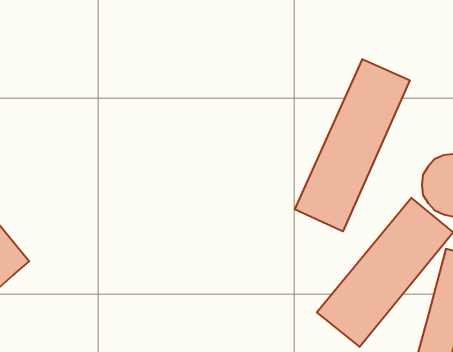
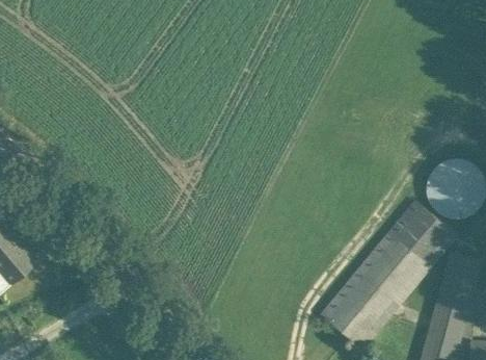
building: [295,59,410,231] -> none

